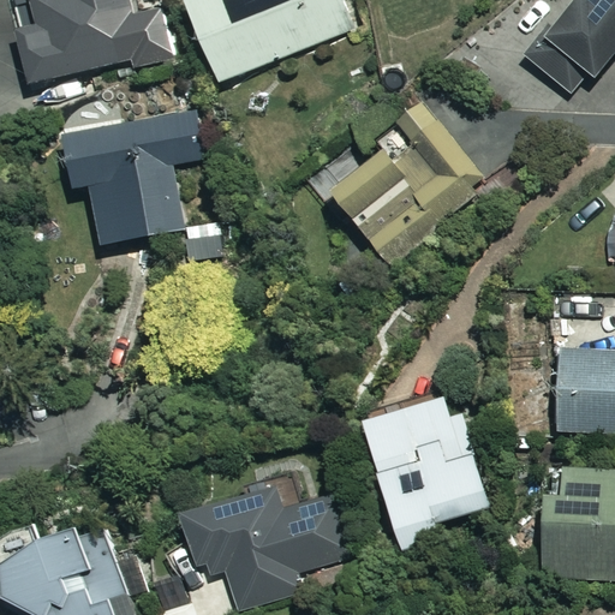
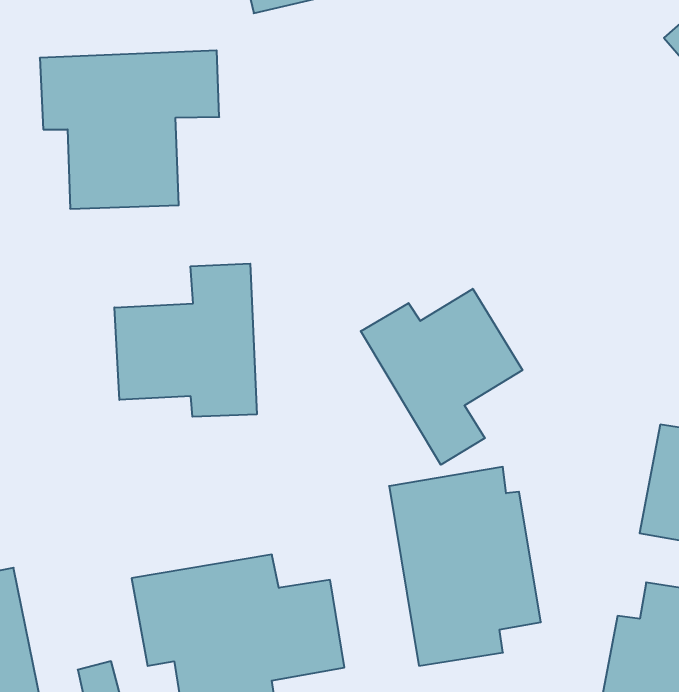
building: [301,98,488,258] -> none
building: none -> [361,289,522,465]
building: none -> [114,264,257,417]

